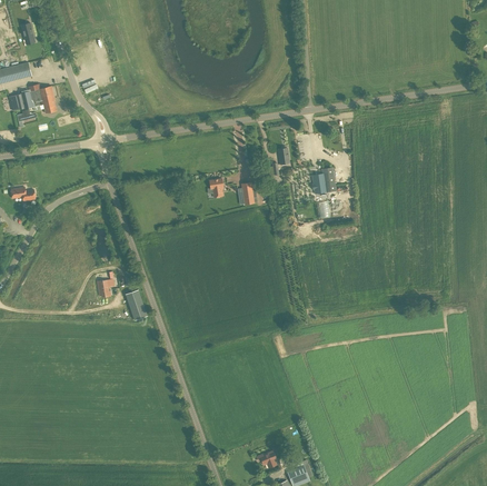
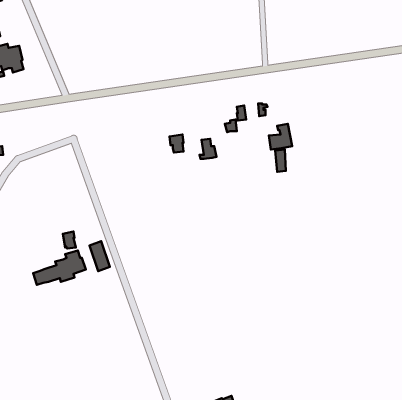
building: none -> [33,251,86,285]

